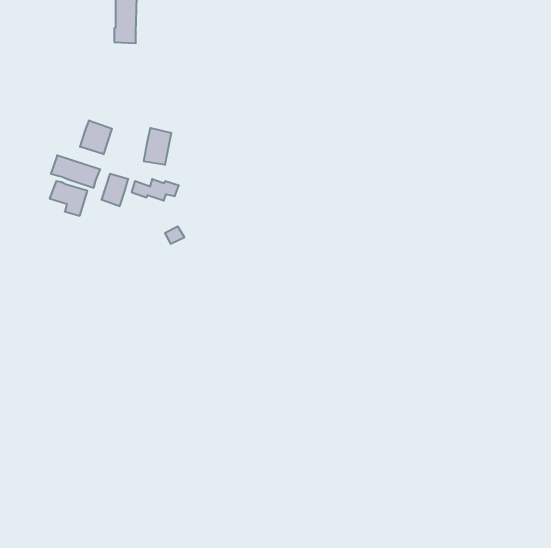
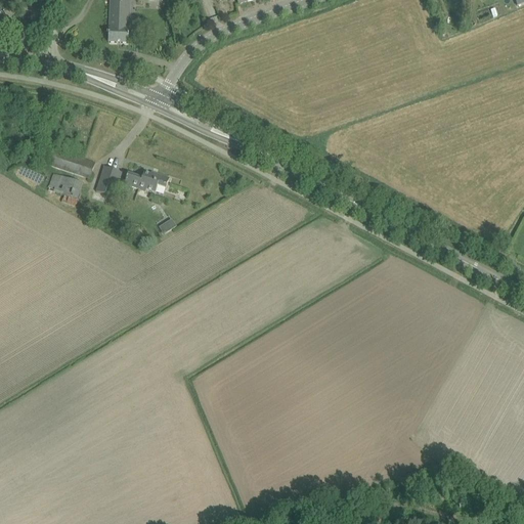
building: [80,120,112,154] -> none
building: [144,128,171,165] -> none

